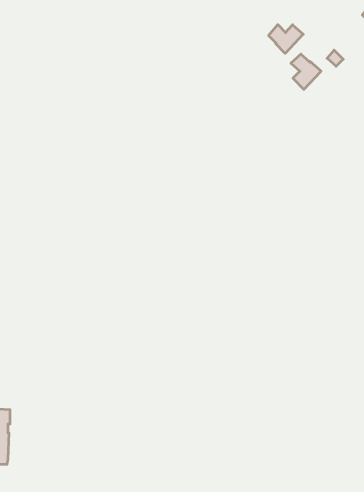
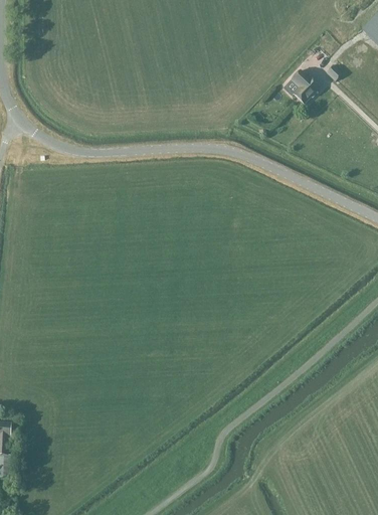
building: [269,25,303,53] -> none

